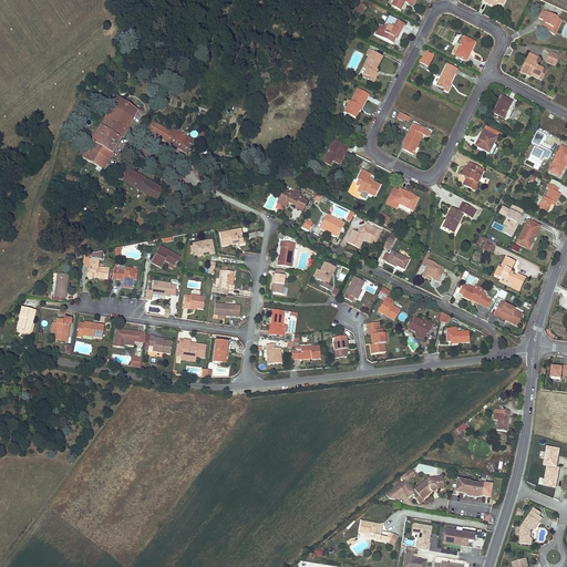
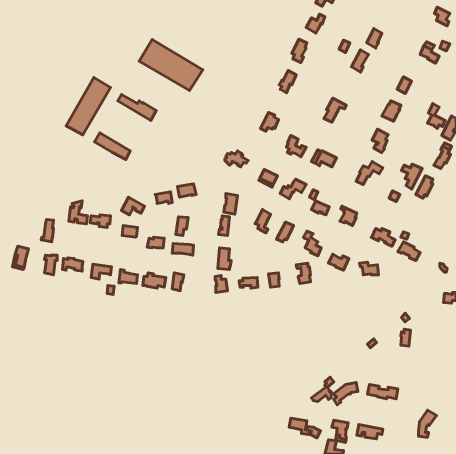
building: none -> [139,40,203,90]
building: [495,255,524,289] -> none
building: [543,444,559,485] -> none

